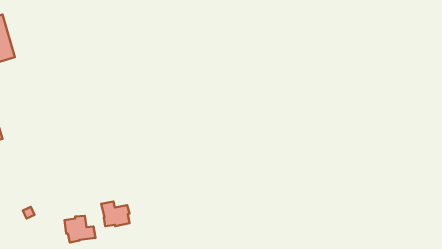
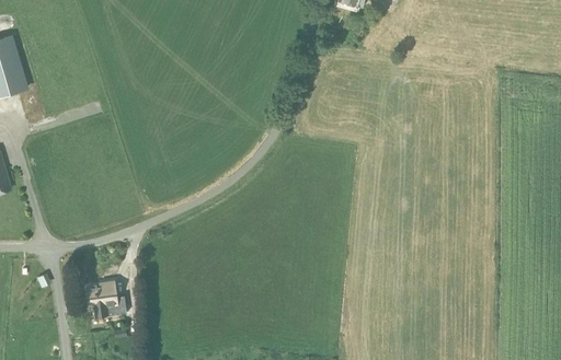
building: [101,201,129,226] -> none

